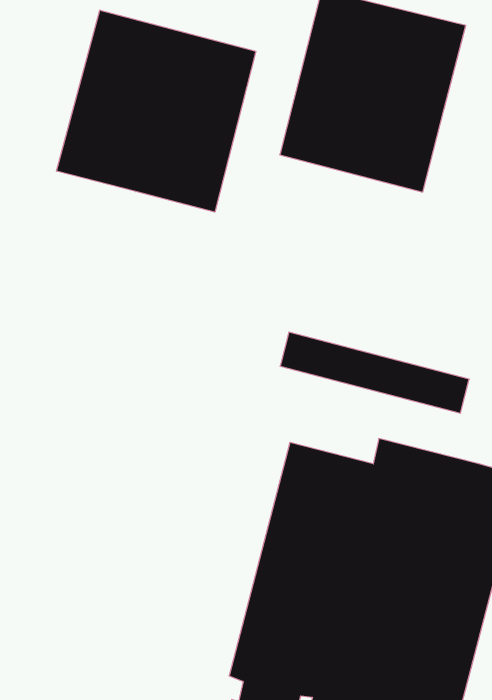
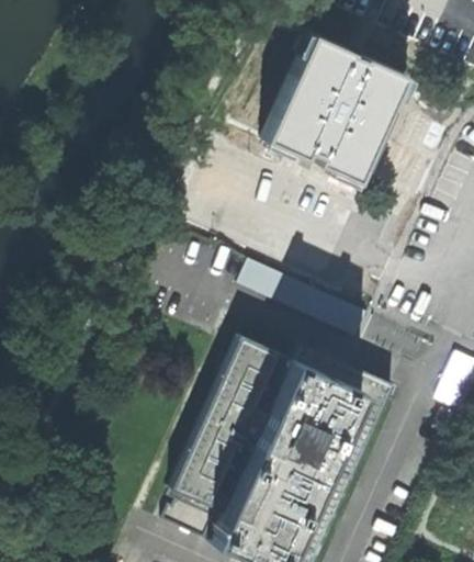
building: [57,10,256,212] -> none

